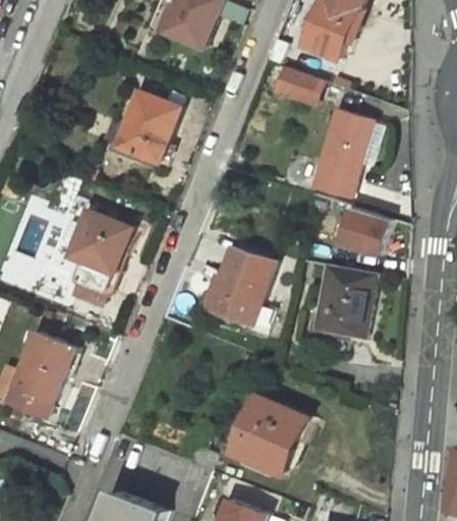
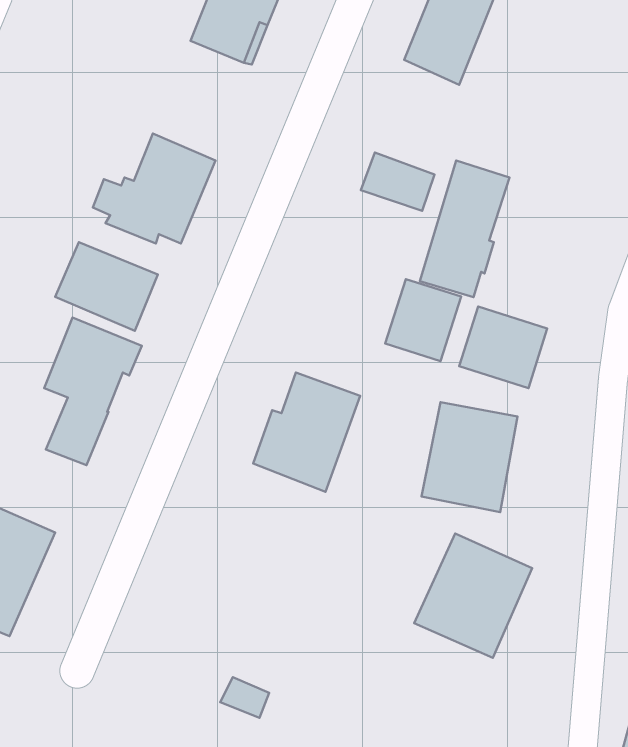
building: [276,66,324,104] -> [361,153,435,211]
building: none -> [55,242,158,331]
building: none -> [385,279,461,361]
building: [231,395,307,475] -> [414,534,532,658]

